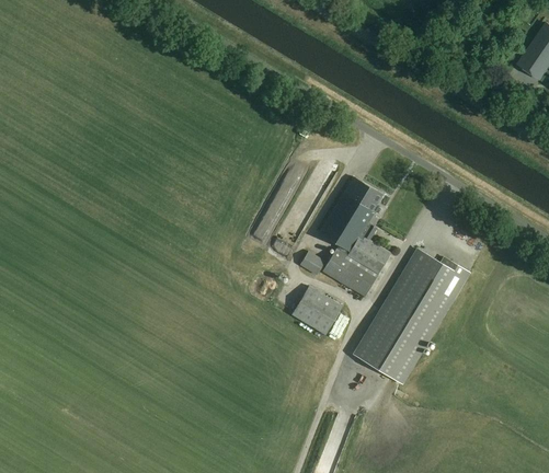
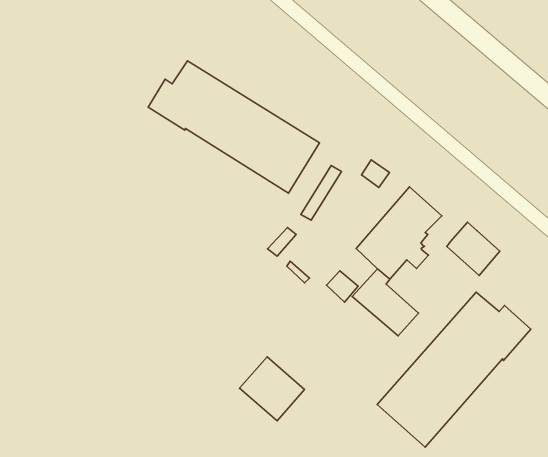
building: none -> [148,61,320,193]
building: [345,234,388,275] -> [447,222,500,275]
building: [290,286,342,335] -> [240,357,304,421]

